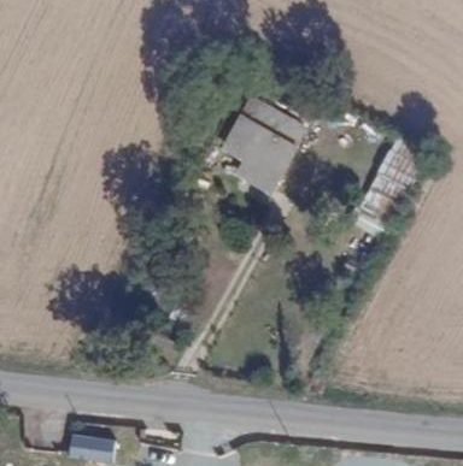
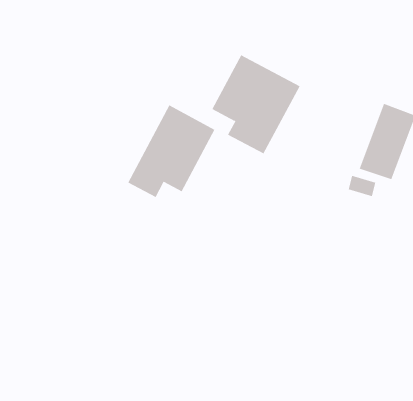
building: none -> [127,105,215,198]

